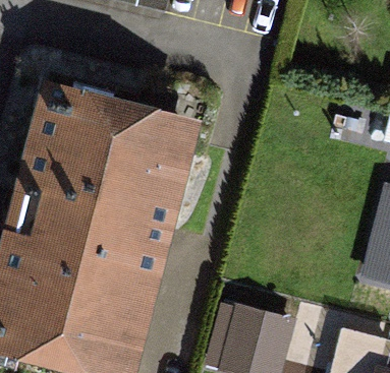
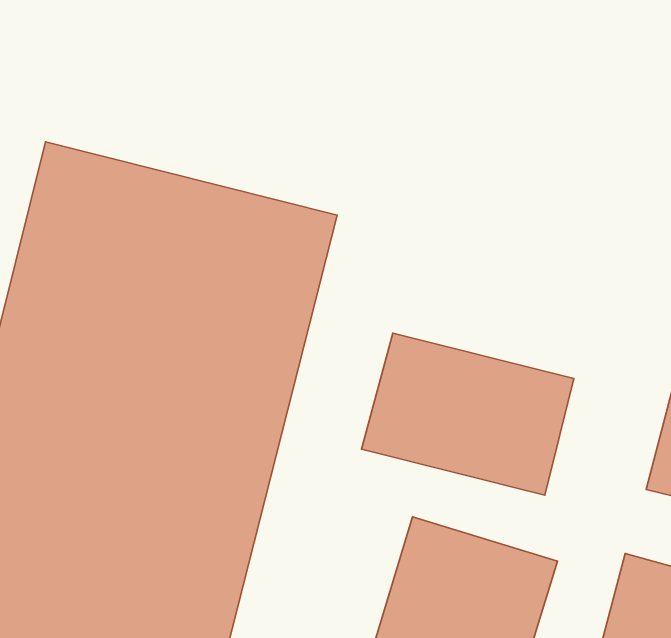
building: none -> [362,333,574,495]

